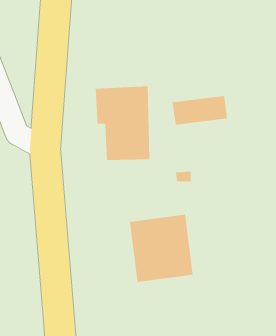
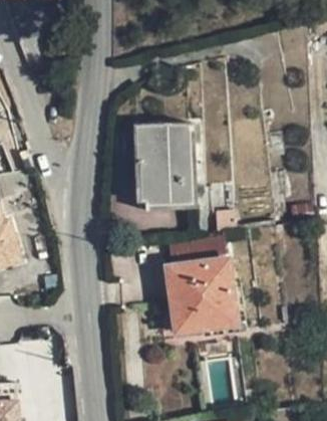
building: [171,96,228,125] -> [168,236,227,267]

